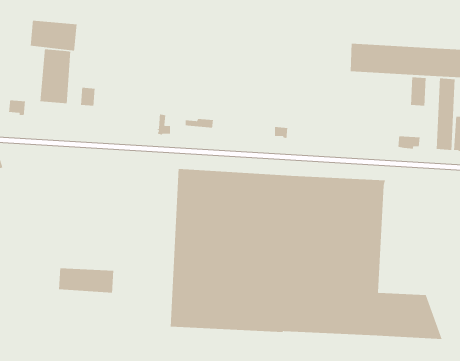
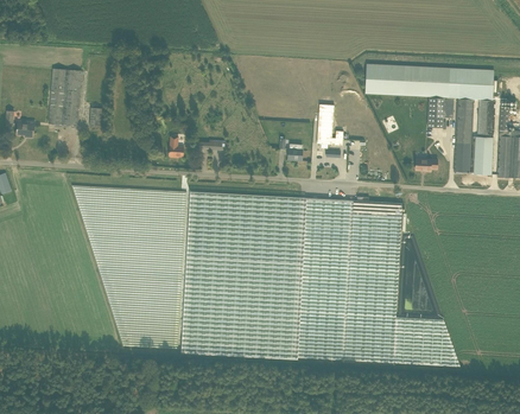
building: [30,20,77,51] -> none
building: [58,268,114,293] -> none

